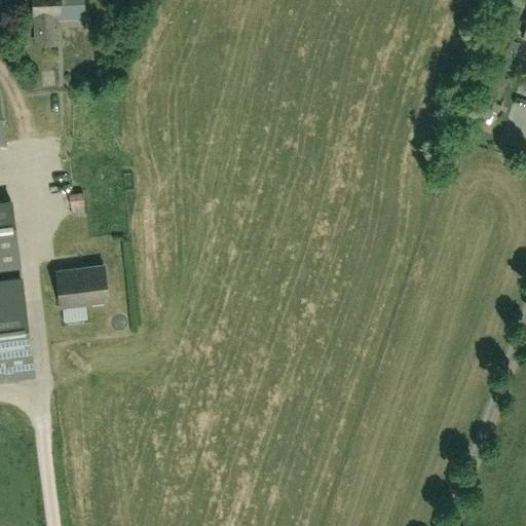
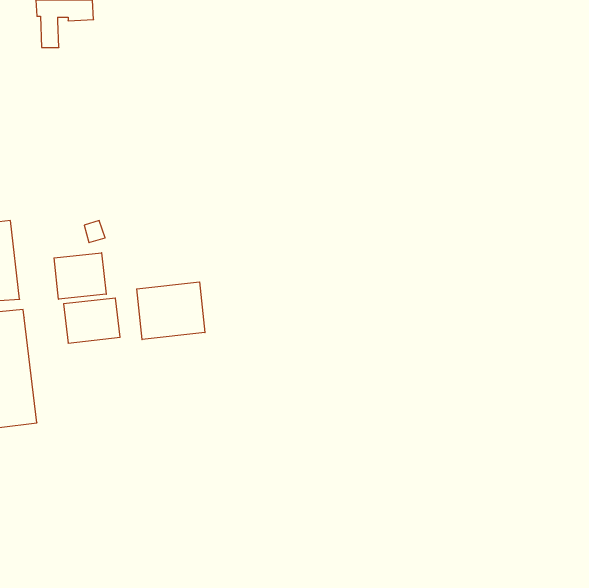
building: none -> [54,253,106,299]
building: none -> [137,282,205,340]

